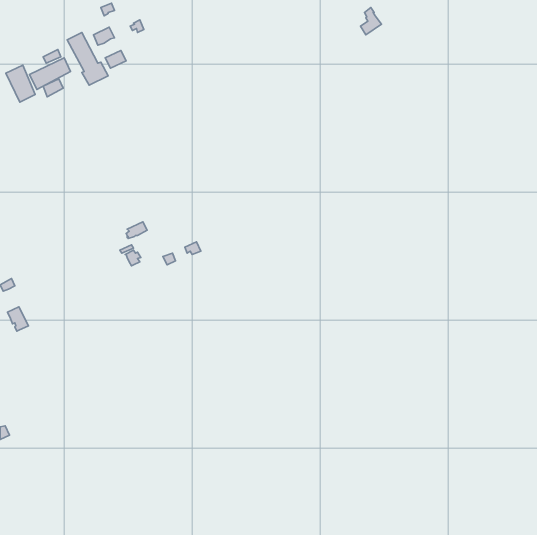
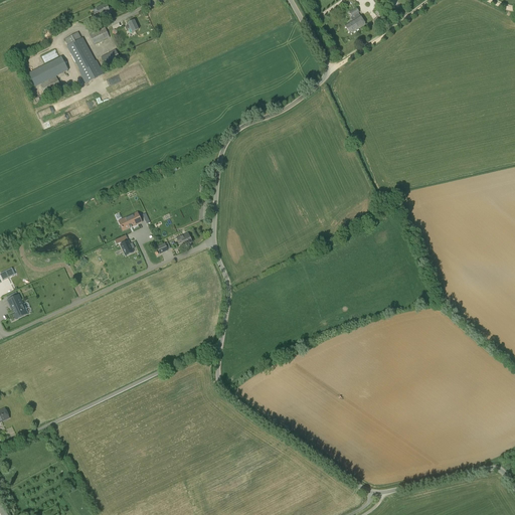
building: [6,65,35,102] -> none

